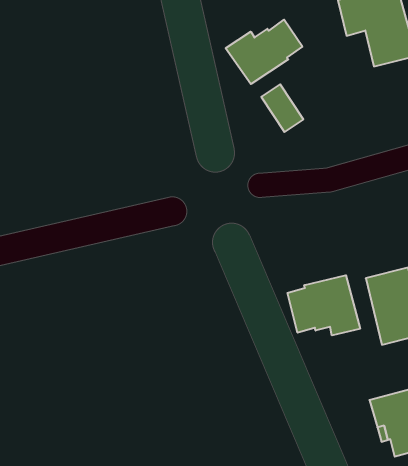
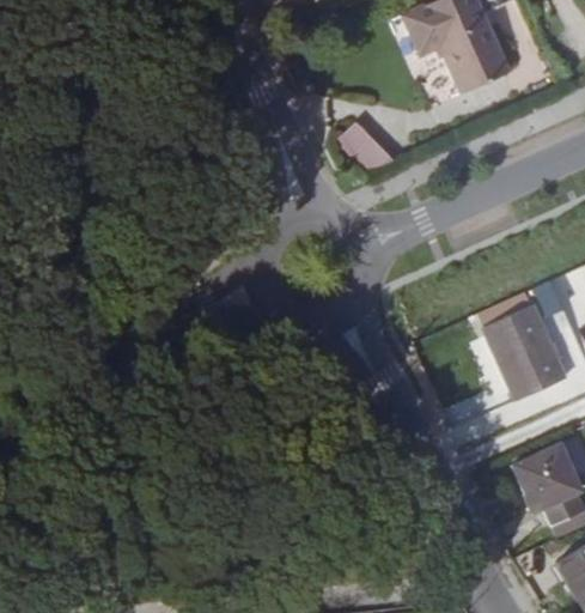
building: [226,20,302,84] -> none
building: [287,275,360,335] -> none

